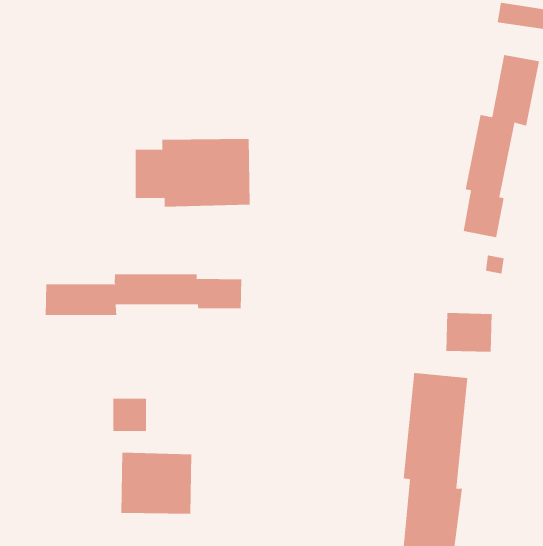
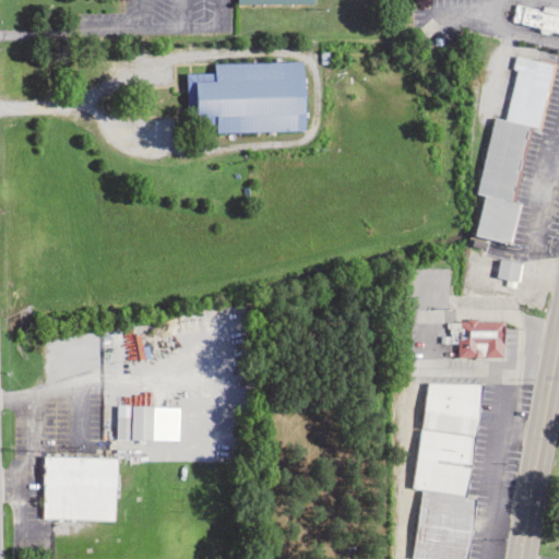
building: [135,139,250,207] -> [188,63,306,133]
building: [45,273,242,316] -> none
building: [120,452,192,514] -> [44,457,117,521]

